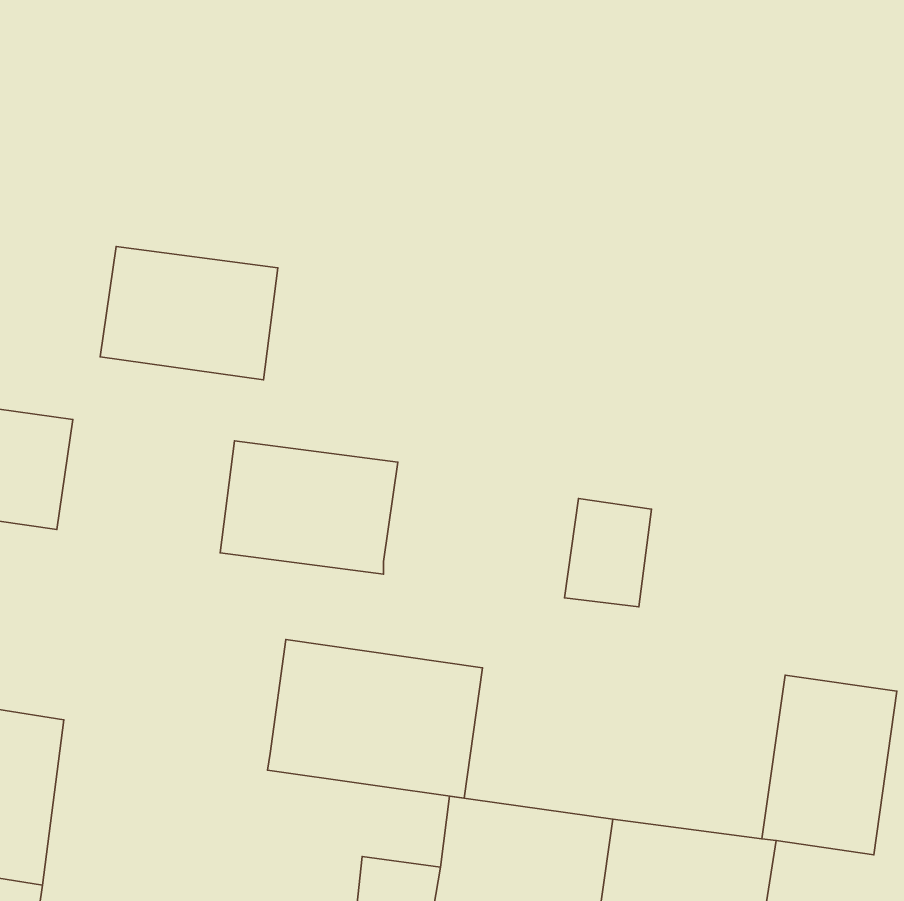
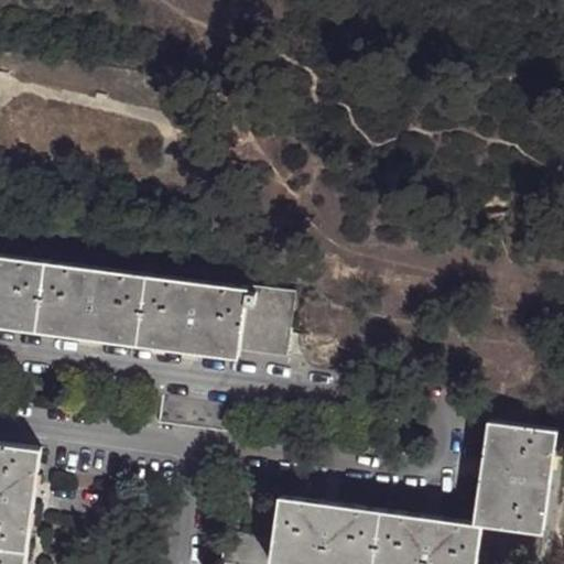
building: [100,247,278,380] -> [35,264,145,347]
building: [564,498,651,607] -> [238,291,292,358]
building: [267,640,482,798] -> none

